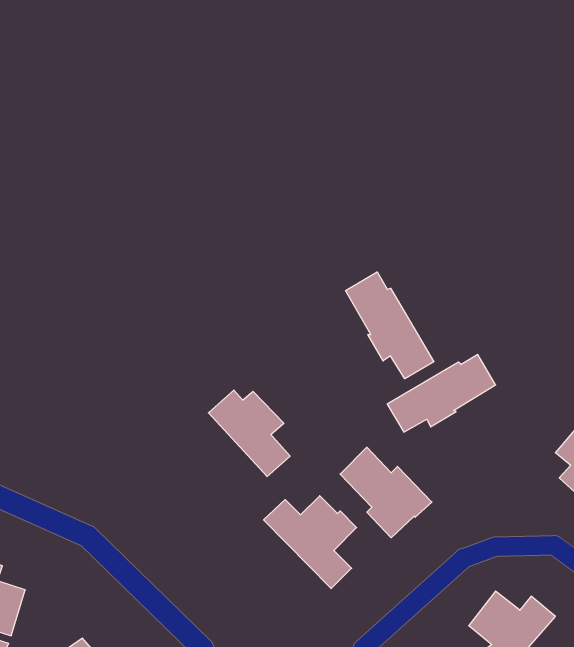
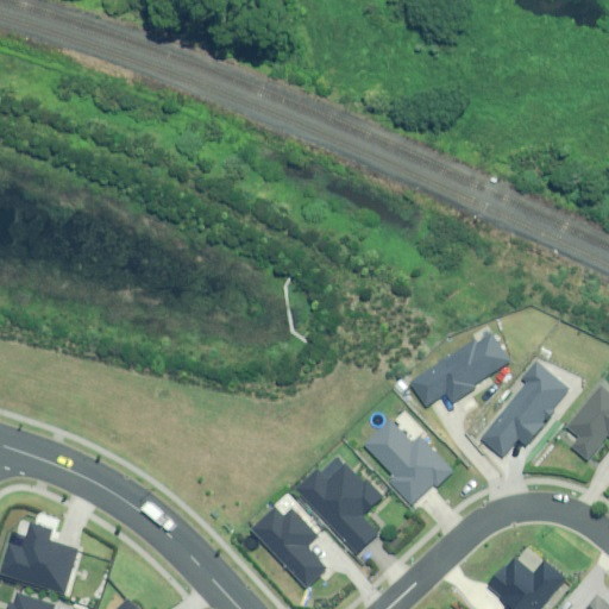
building: [346,272,434,379] -> none
building: none -> [484,360,570,452]
building: [208,390,290,477] -> [251,506,327,586]

